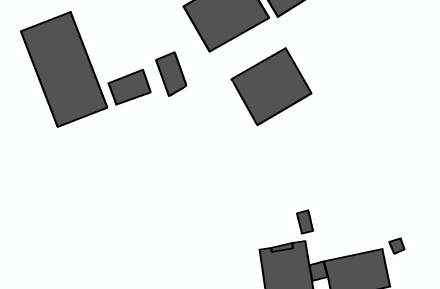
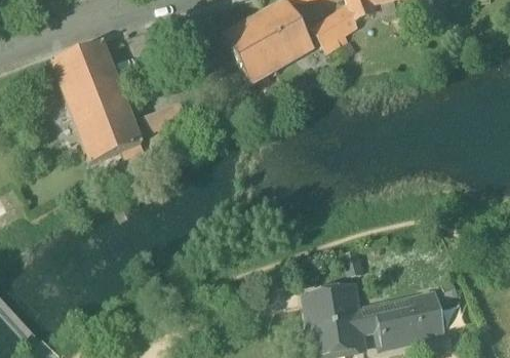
building: [231,48,311,125] -> none
building: [156,52,186,96] -> none

